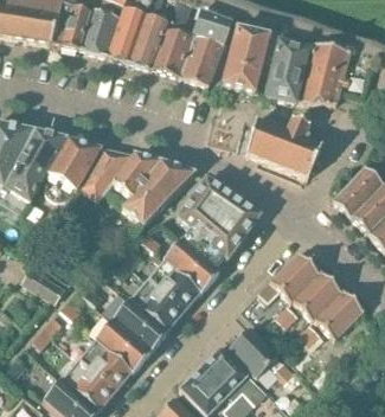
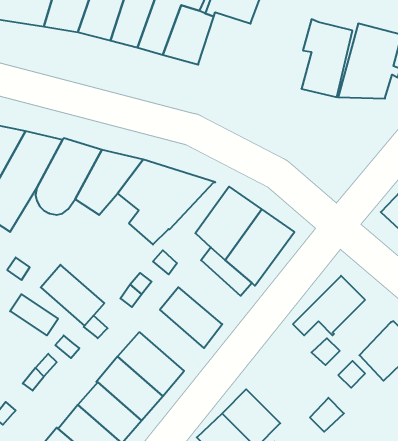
building: [222,27,274,94] -> none
building: [179,32,223,85] -> none
building: [246,117,321,179] -> none
building: [162,239,219,294] -> none
building: [291,271,340,321] -> none
building: [130,281,184,332] -> [41,265,104,326]
building: [229,327,278,377] -> none

